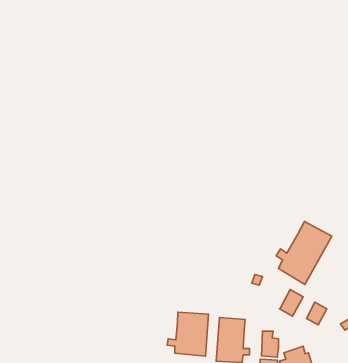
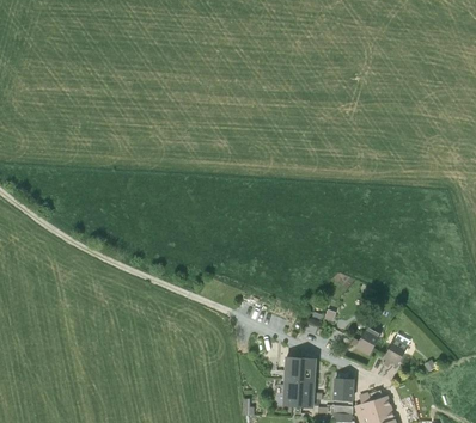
building: [276,221,332,284] -> none
building: [167,312,208,356] -> none

